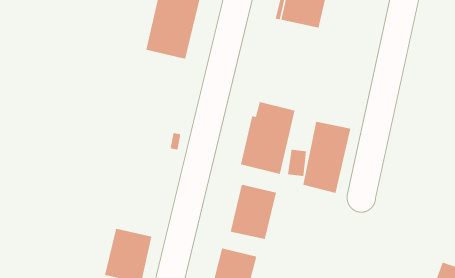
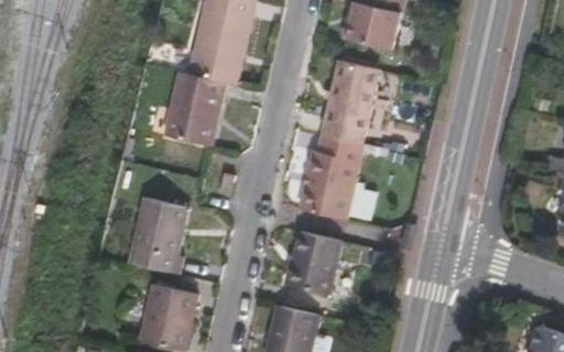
building: none -> [163,72,225,147]
building: [302,121,351,193] -> [322,59,379,144]
building: none -> [127,195,187,274]

